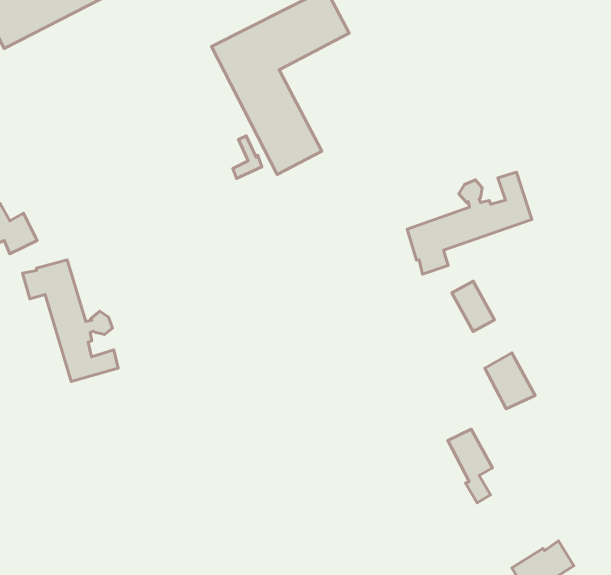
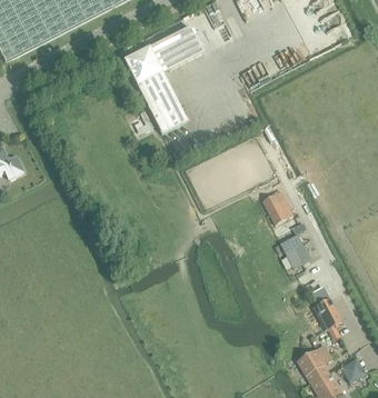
building: [407,172,532,274] -> none
building: [22,260,118,382] -> none
building: [448,429,493,503] -> [317,299,342,341]

